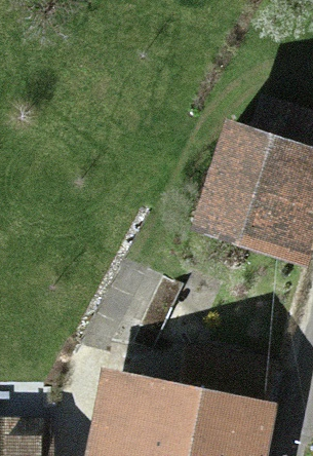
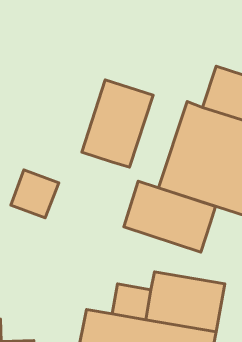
building: none -> [82,80,153,167]
building: none -> [124,181,215,252]

